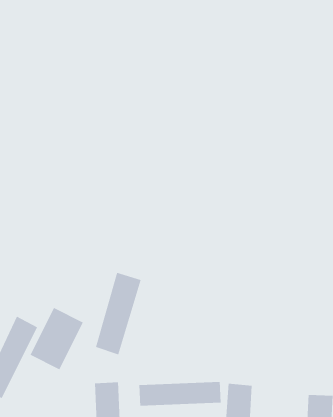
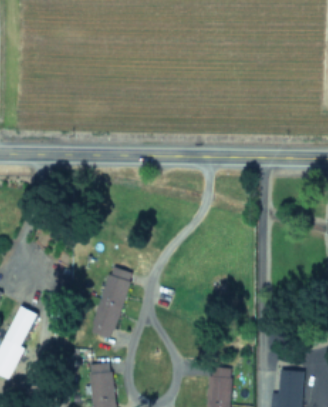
building: [30,307,84,370] -> none
building: [139,381,221,407] -> none

